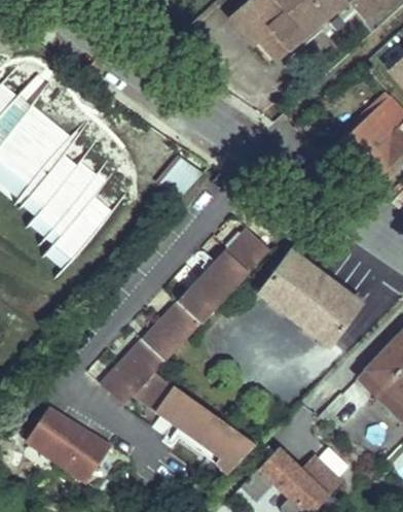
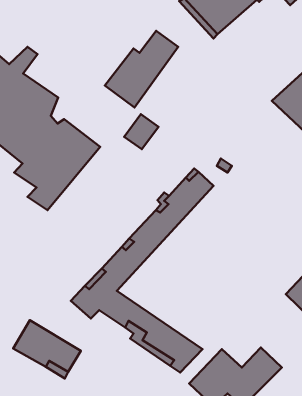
building: none -> [105,31,178,107]
building: [258,249,368,352] -> none

